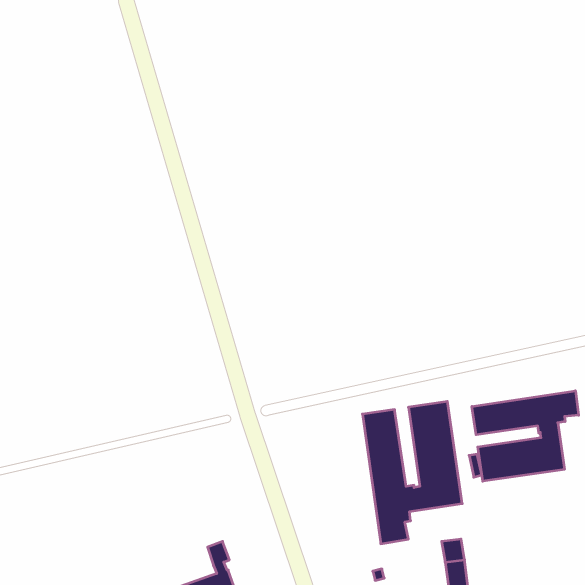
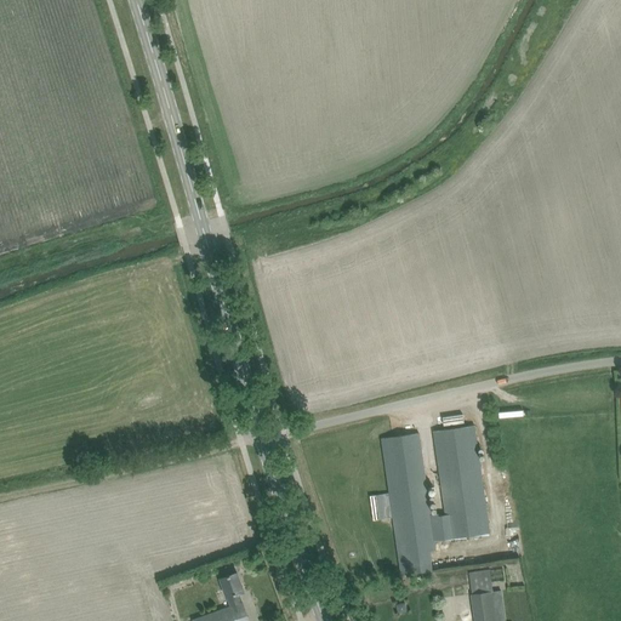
building: [472,391,579,481] -> none

